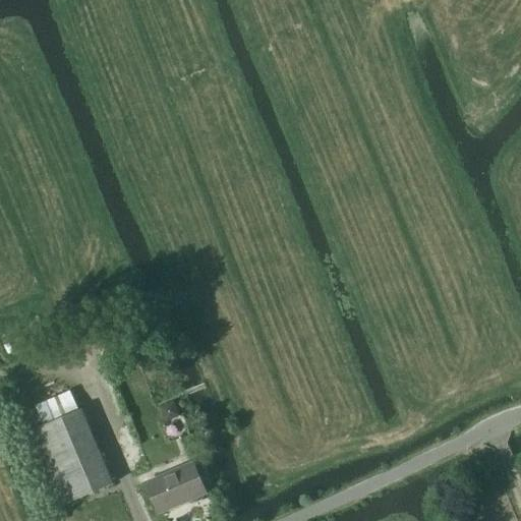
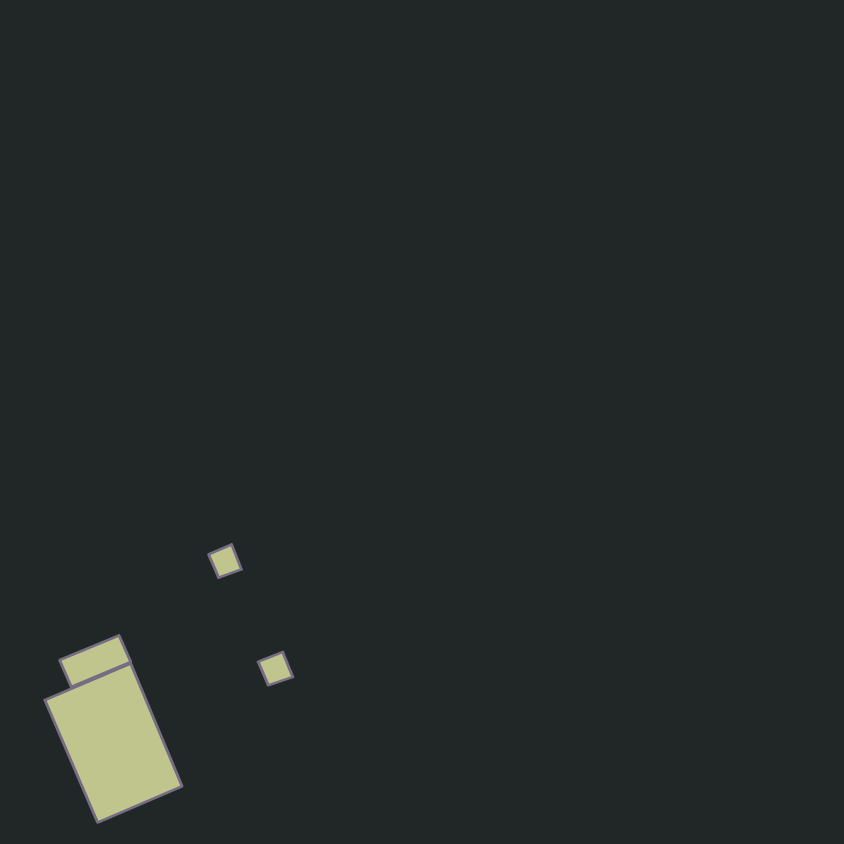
building: [147,462,207,512] -> none

